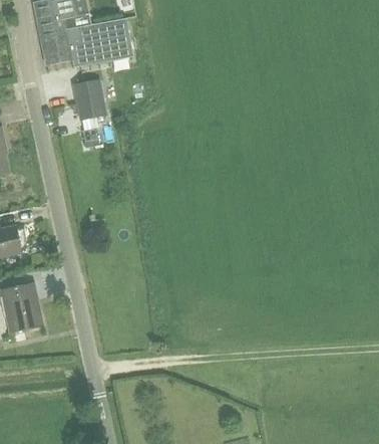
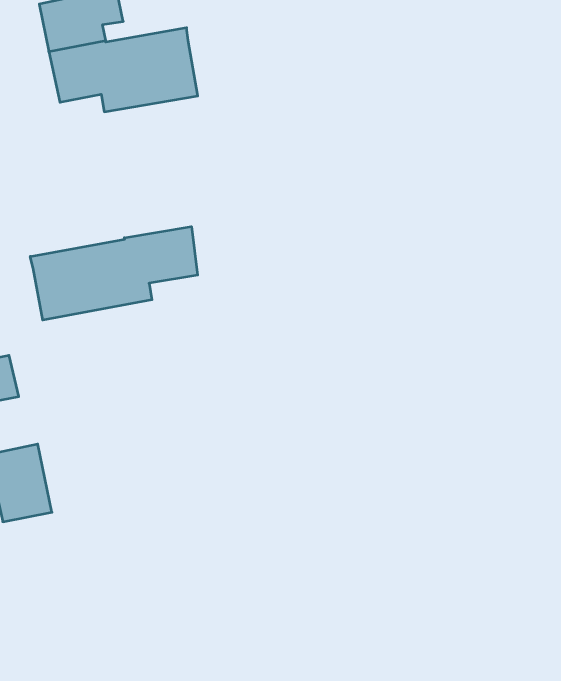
building: [75,81,104,119] -> none
building: none -> [30,227,198,320]

